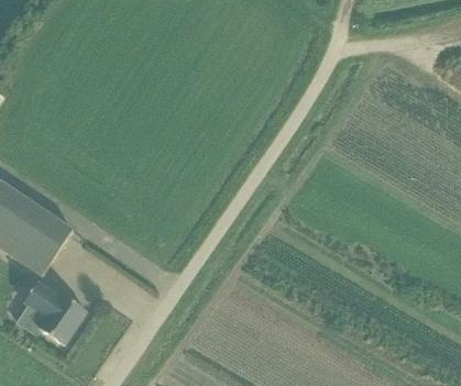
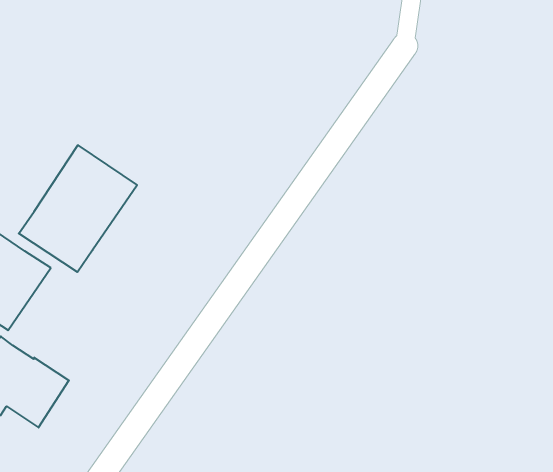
building: none -> [19,145,137,272]

